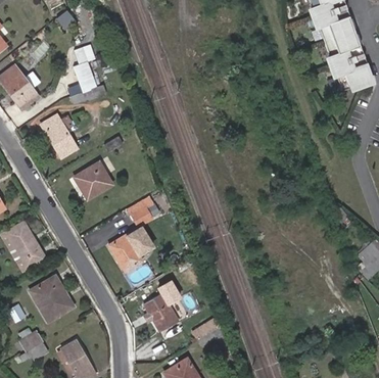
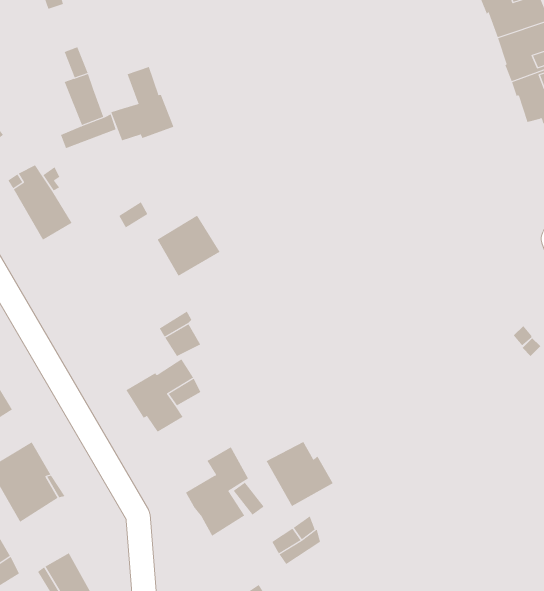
building: none -> [111,66,174,141]
building: [76,162,112,198] -> [157,215,220,276]
building: none -> [266,441,333,507]

